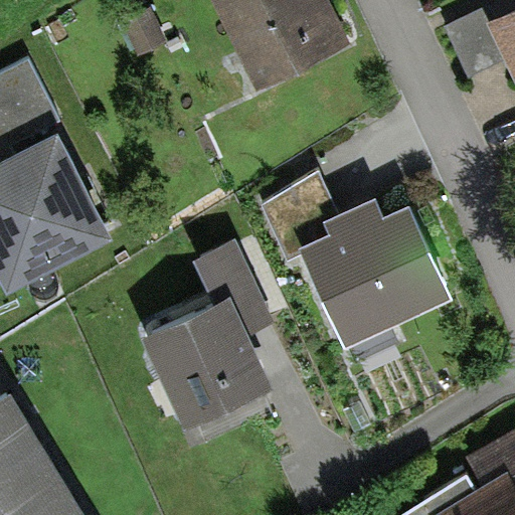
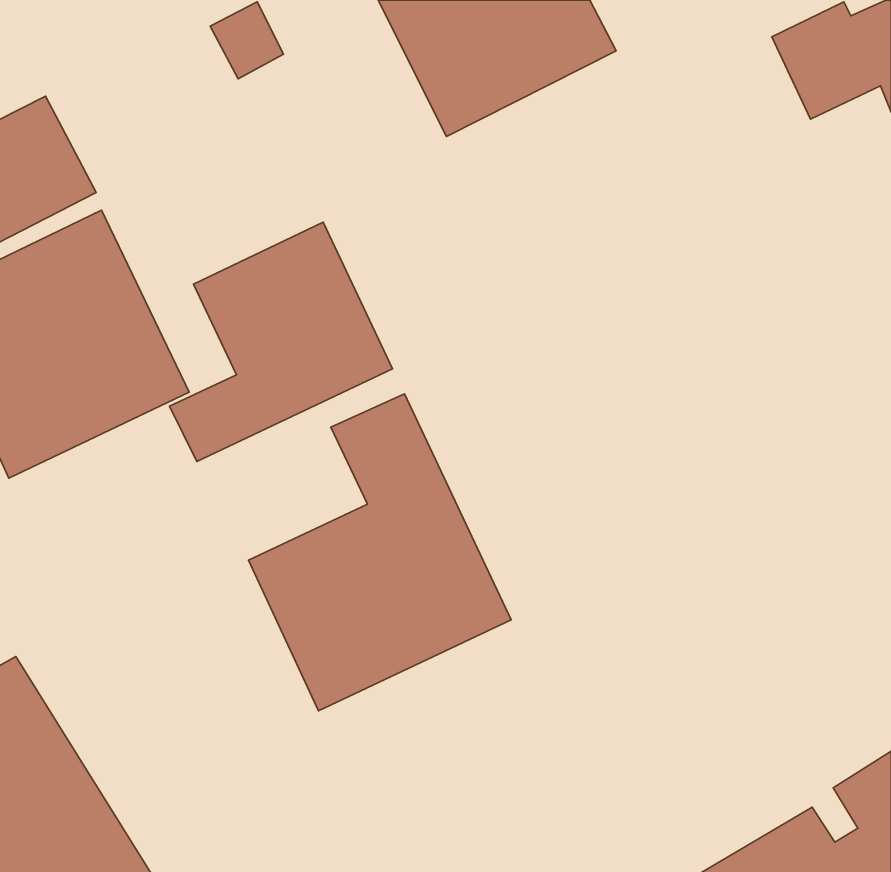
building: none -> [170,222,393,461]
building: [264,174,455,350] -> none

